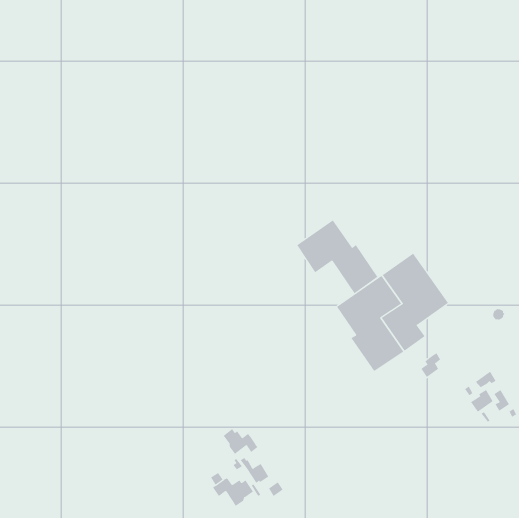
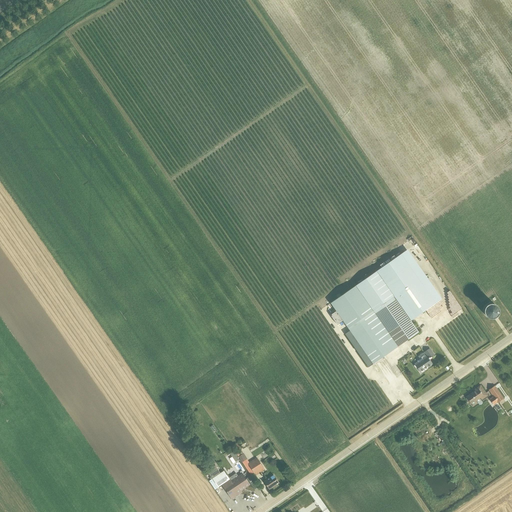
building: [296,220,378,294] -> none
building: [223,428,258,455] -> none

